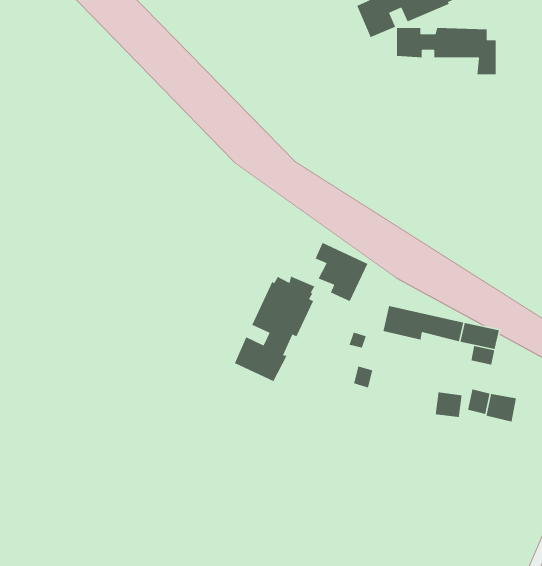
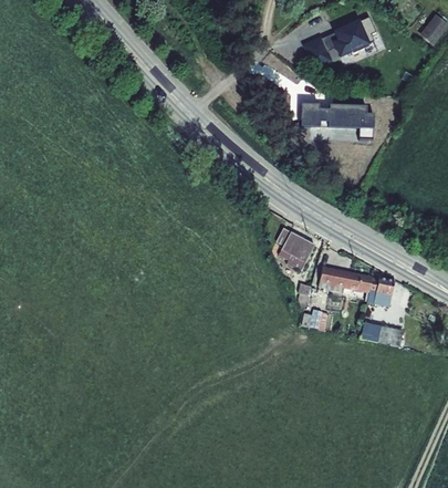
building: [396,27,497,75] -> [296,110,368,144]
building: [234,275,315,382] -> none

